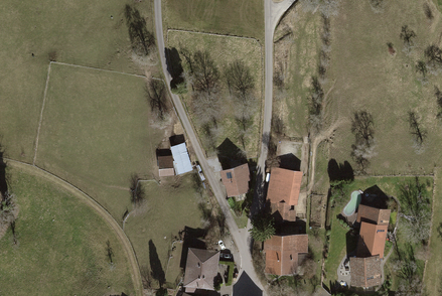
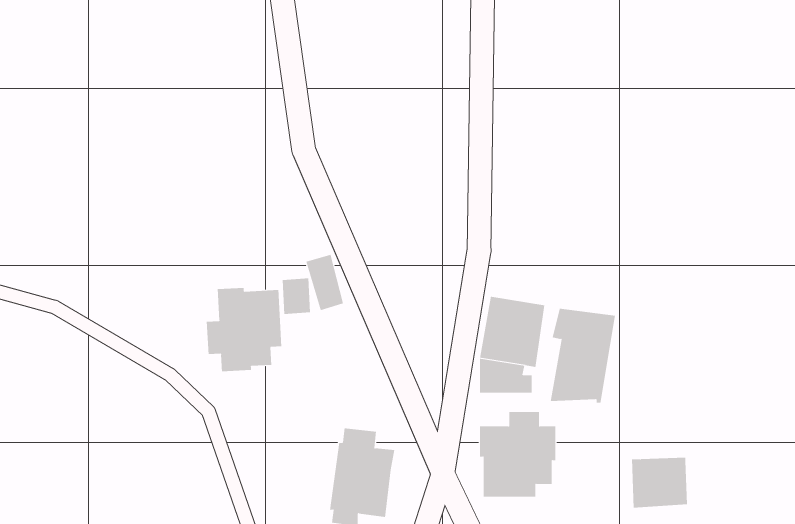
building: none -> [206,287,282,372]
building: [220,167,251,200] -> none
building: [354,205,391,258] -> [550,308,616,403]

